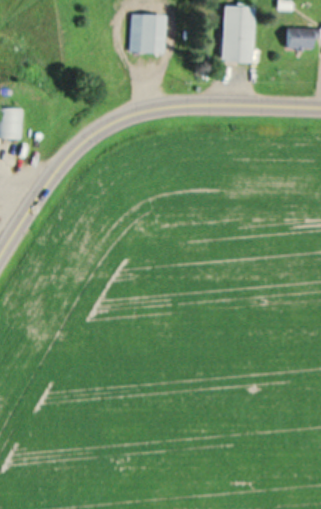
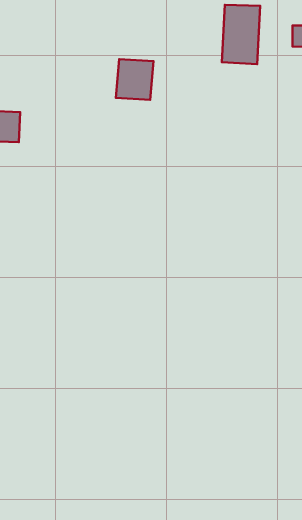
building: [129,14,165,53] -> [116,59,153,100]

